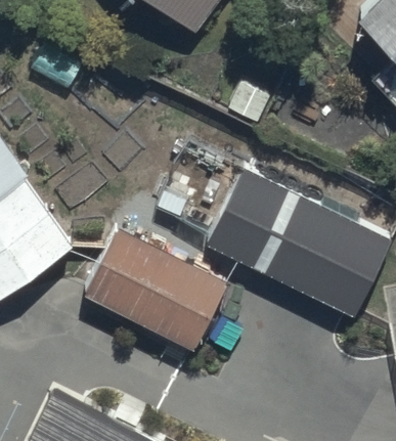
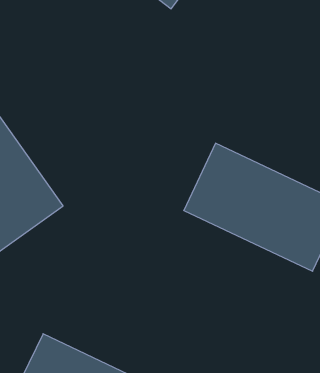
building: [76,225,227,356] -> none

